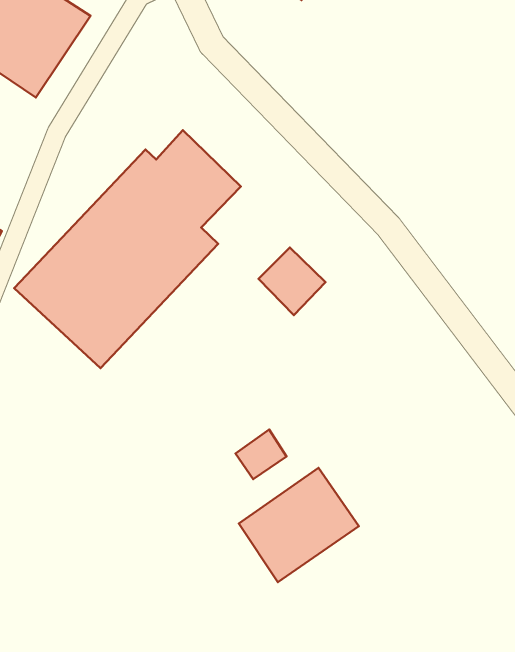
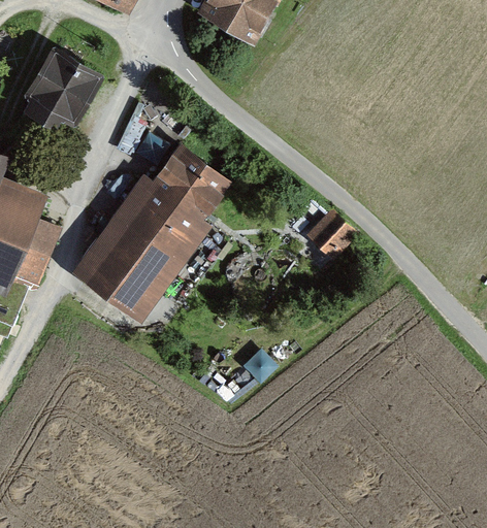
building: [259,247,325,315] -> [305,214,353,262]
building: [239,468,359,582] -> none

